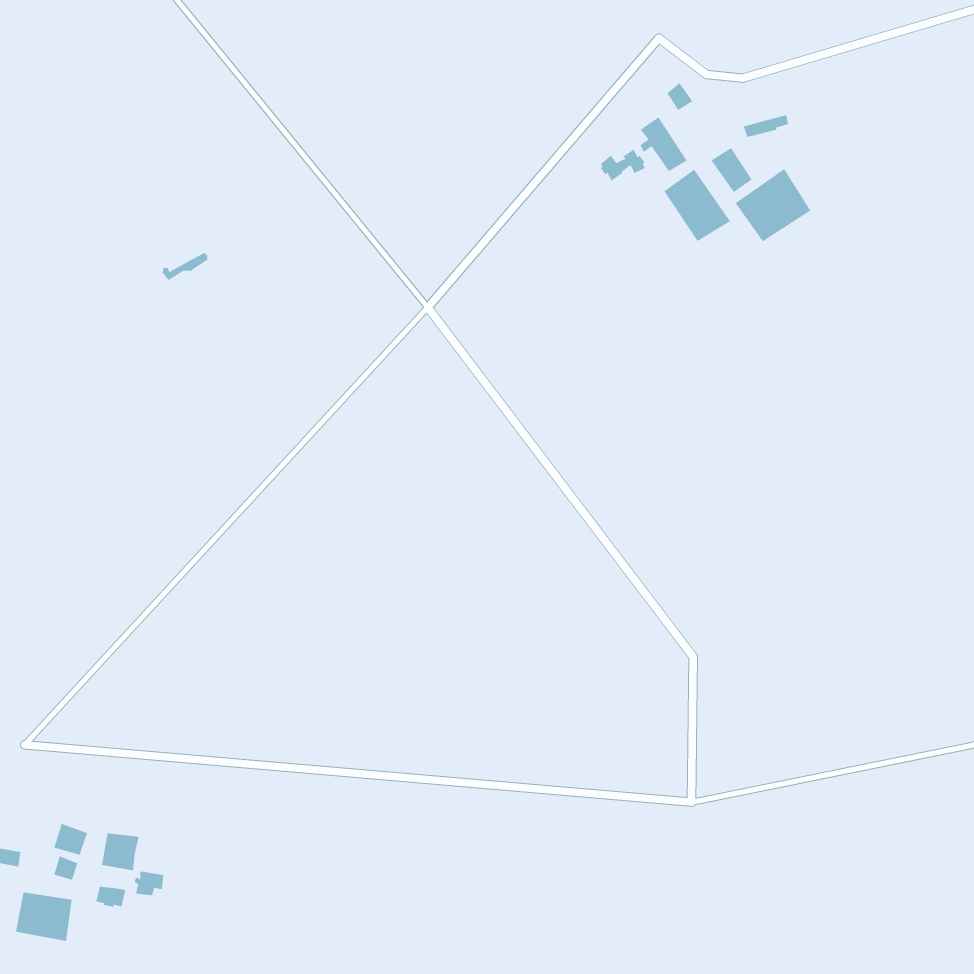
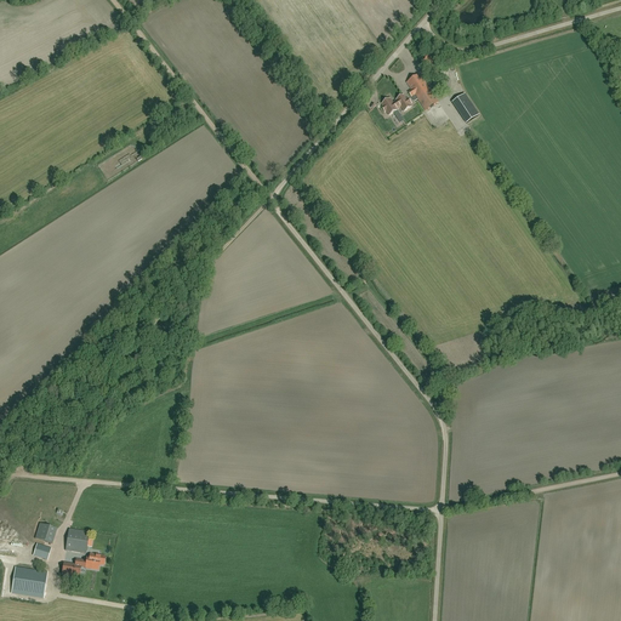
building: [735,168,811,242] -> none
building: [663,169,731,242] -> none

